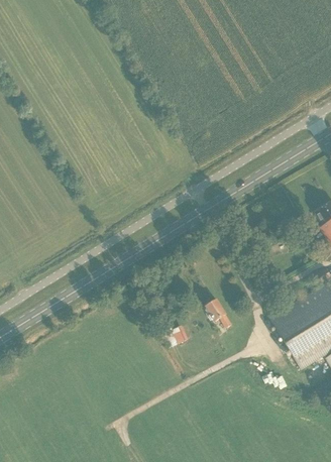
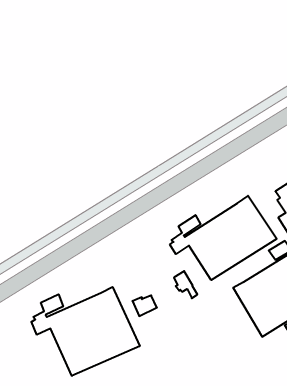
building: none -> [170,196,277,280]
building: none -> [31,287,140,376]

